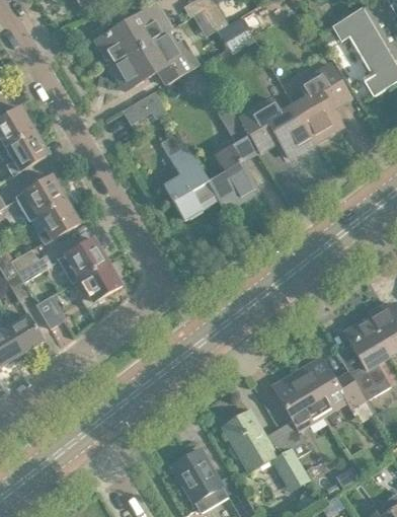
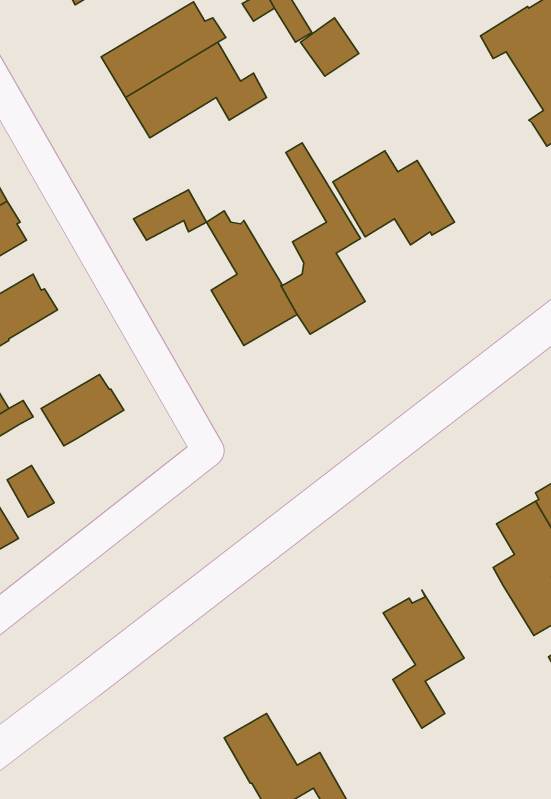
building: [292,64,345,143] -> none
building: [122,90,167,122] -> [134,190,206,240]
building: [36,198,79,244] -> none
building: [78,261,121,306] -> none
building: [295,358,365,416] -> none
building: [221,411,307,490] -> none

